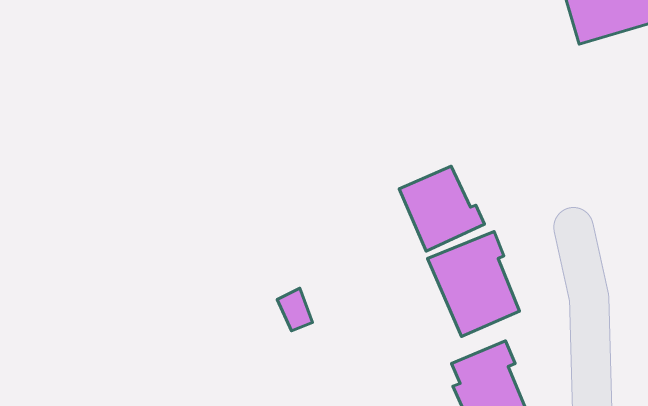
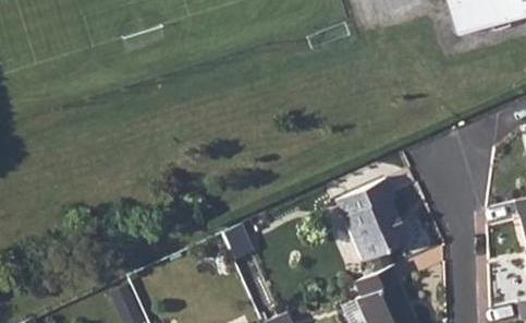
building: [399,166,485,251] -> none

